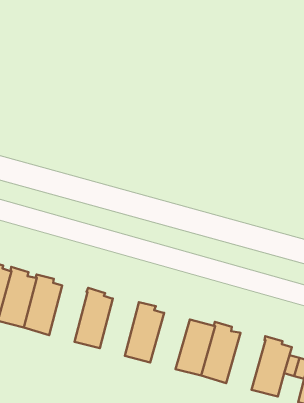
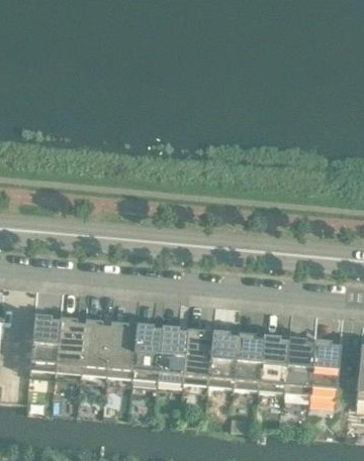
building: none -> [106,322,135,377]
building: none -> [157,326,186,382]
building: none -> [207,331,238,386]
building: none -> [283,338,313,393]

